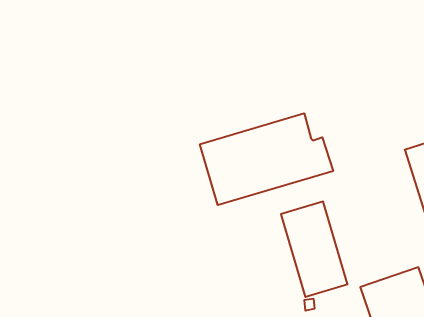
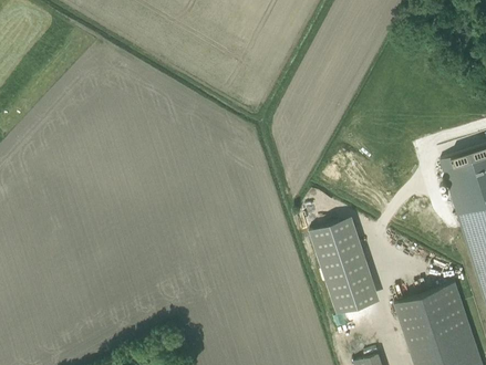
building: [200,113,333,205] -> none

